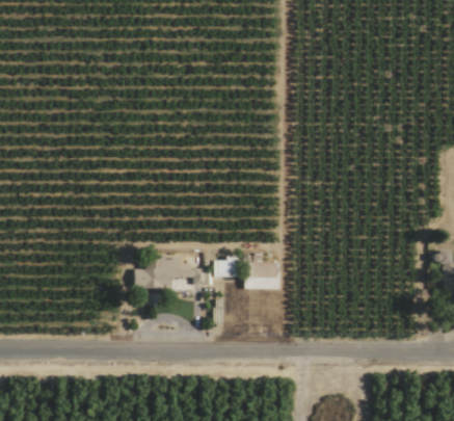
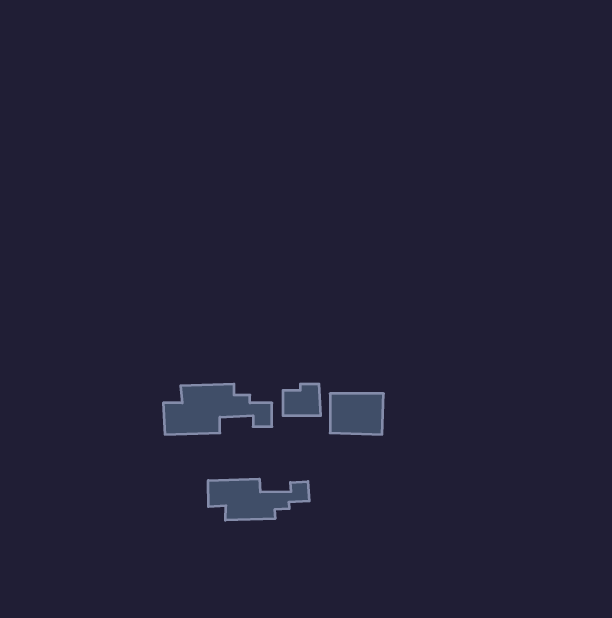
building: none -> [208,479,309,520]

